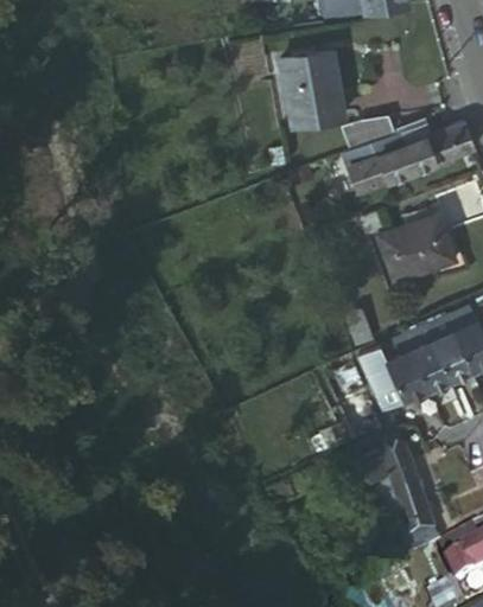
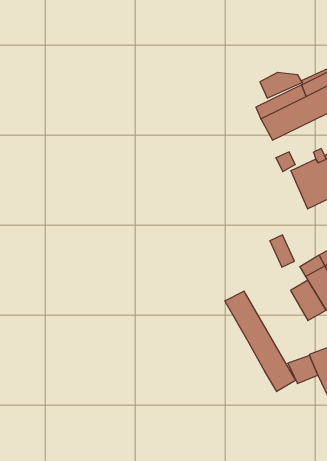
building: [278,50,343,124] -> none
building: none -> [225,291,296,392]

